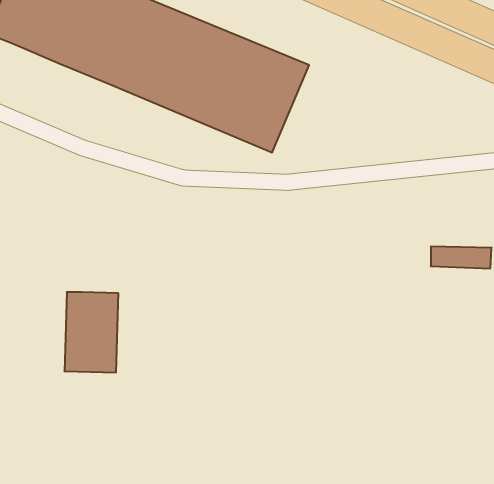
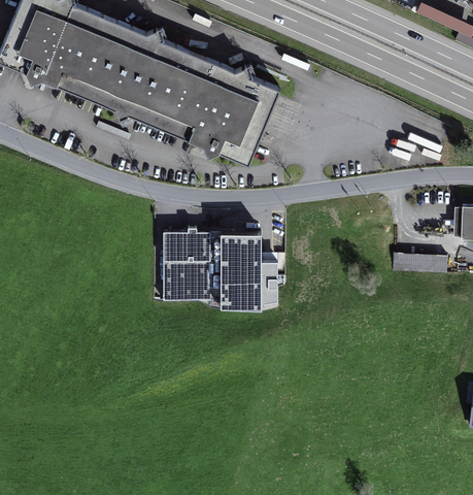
building: none -> [219,234,277,310]
building: [64,292,118,372] -> [163,230,211,302]

